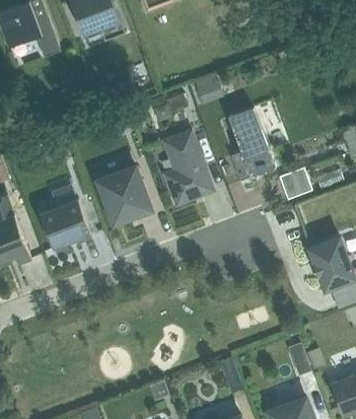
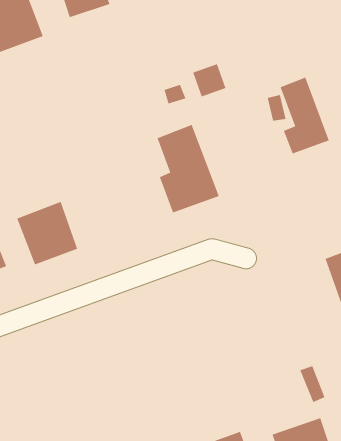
building: [230,110,275,179] -> [279,76,330,155]
building: [92,161,153,225] -> none
building: [277,166,311,200] -> none

